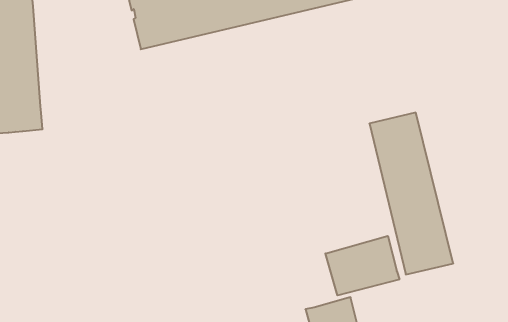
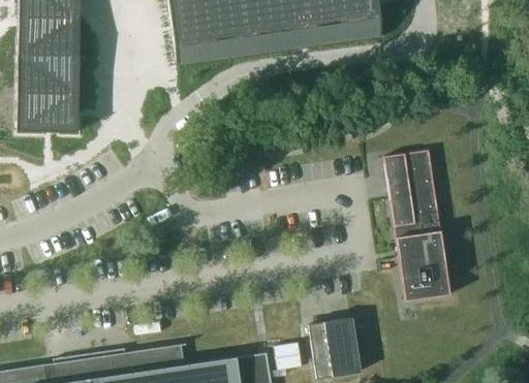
building: [325,236,399,295] -> none

